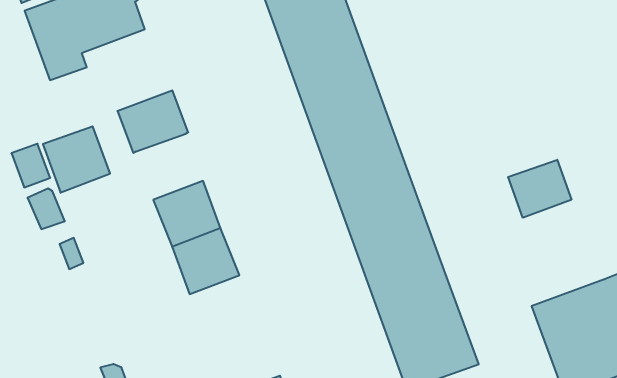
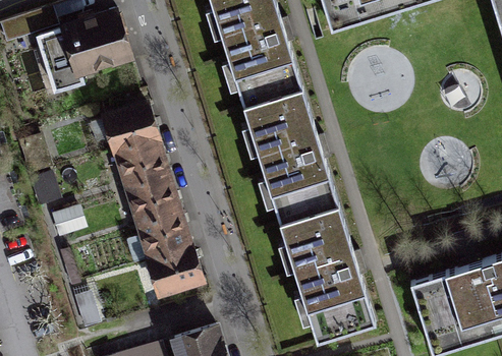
building: [43,126,110,193] -> [117,139,167,188]
building: [508,160,571,218] -> none
building: none -> [150,249,202,295]

